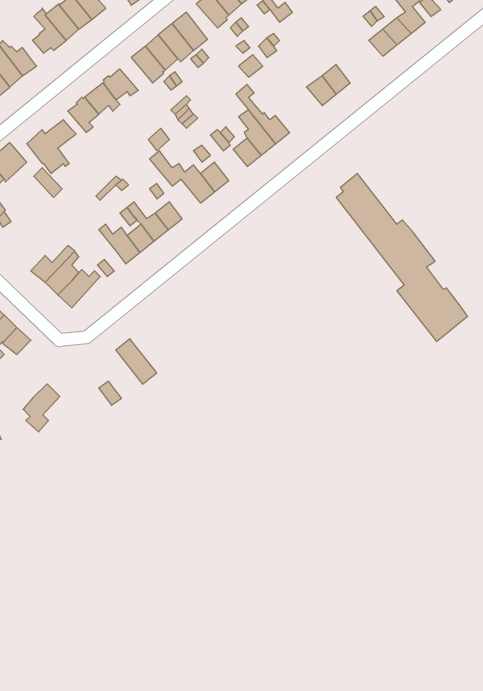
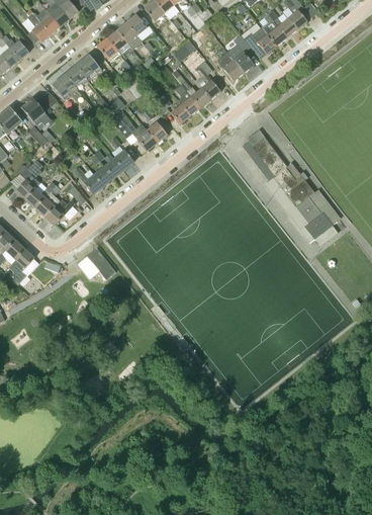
building: none -> [243,27,276,55]
building: none -> [193,61,219,100]
building: none -> [15,160,41,199]
building: [23,384,60,432] -> [7,249,33,283]

